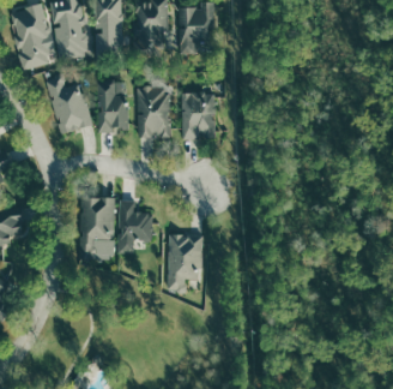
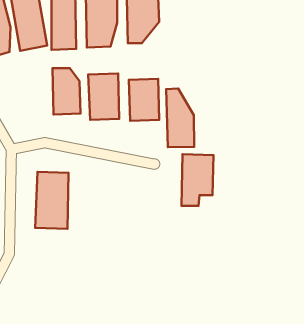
building: [46,77,95,136] -> none
building: none -> [166,88,194,147]
building: [119,199,153,253] -> none
building: [167,234,202,292] -> [181,154,214,206]

